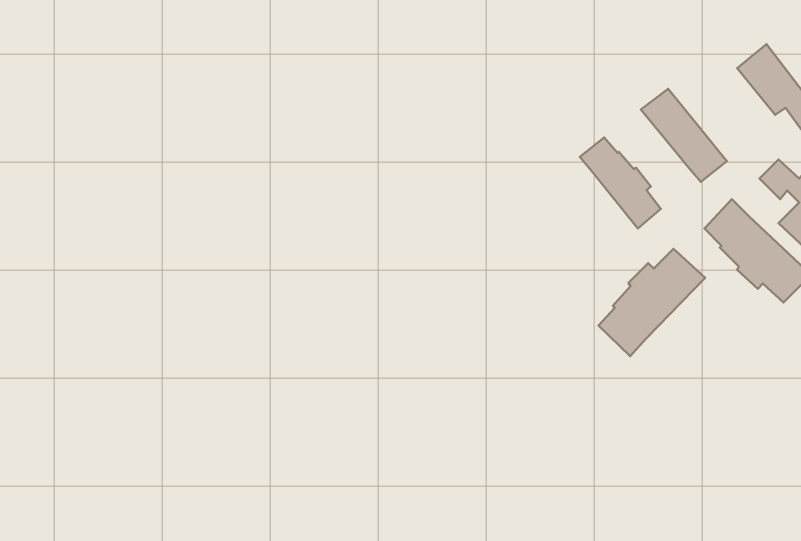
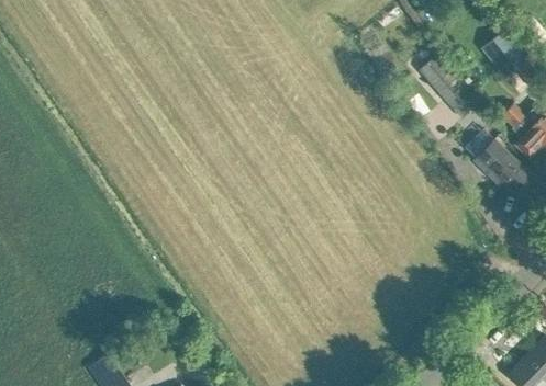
building: [580,137,661,228] -> none
building: [598,249,705,356] -> none

